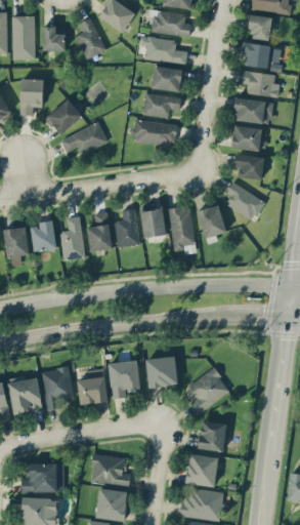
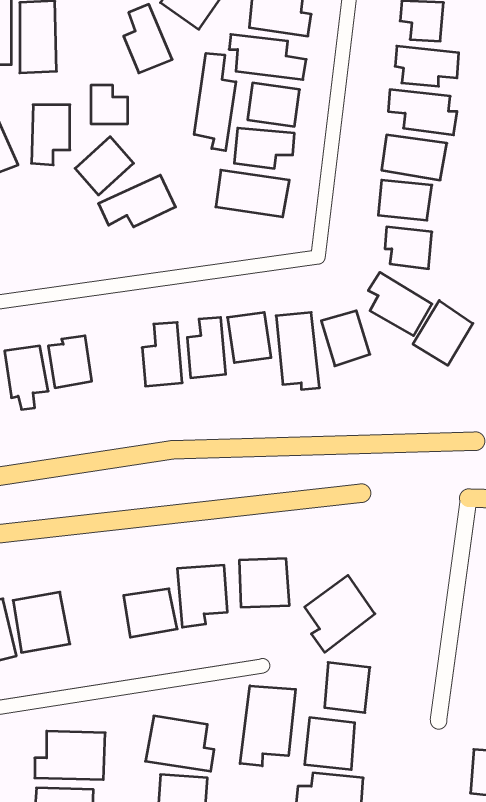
building: [42,27,65,50] -> [91,85,128,124]
building: none -> [194,53,236,151]
building: none -> [413,300,473,365]
building: [60,216,84,259] -> none
building: [41,367,74,410] -> none
building: none -> [240,686,296,766]

